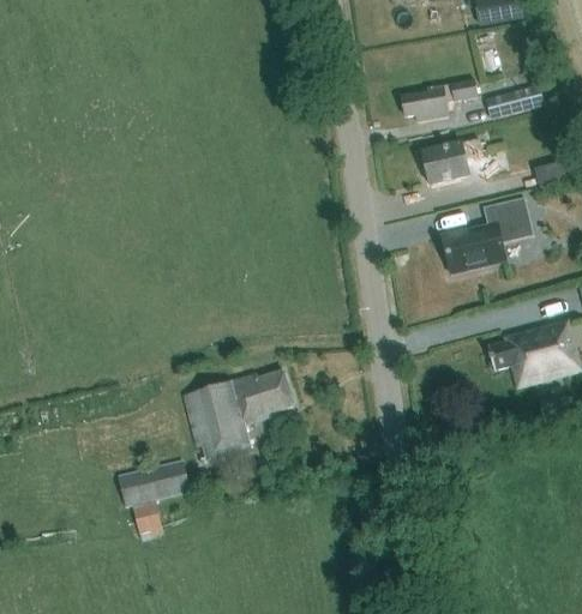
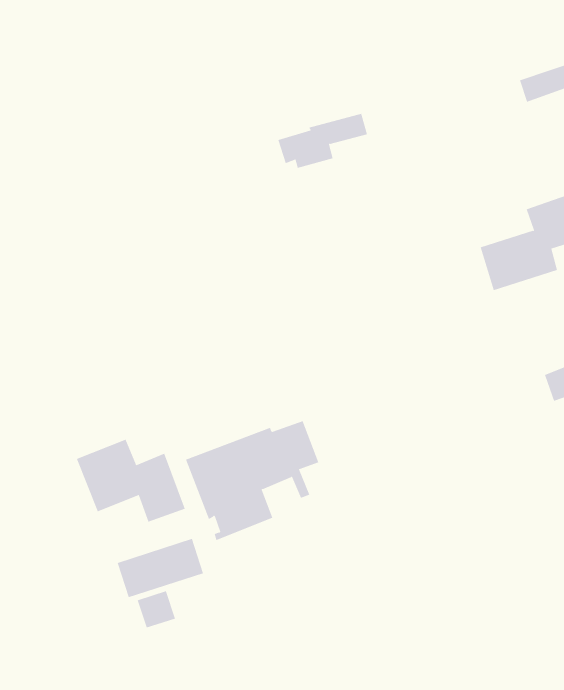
building: [401,79,476,121] -> [278,113,368,169]
building: [421,138,481,185] -> none
building: none -> [76,439,186,522]

